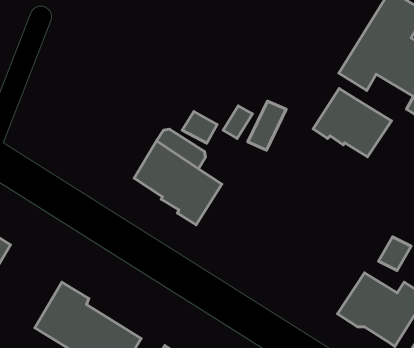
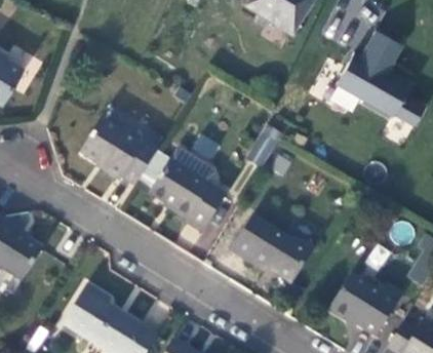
building: [313,88,392,157] -> none
building: none -> [78,119,155,185]
building: none -> [231,215,312,282]

